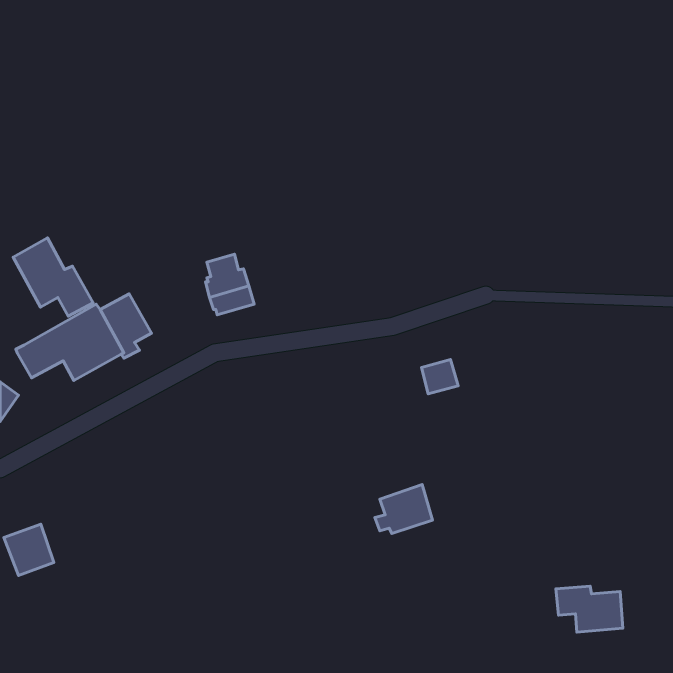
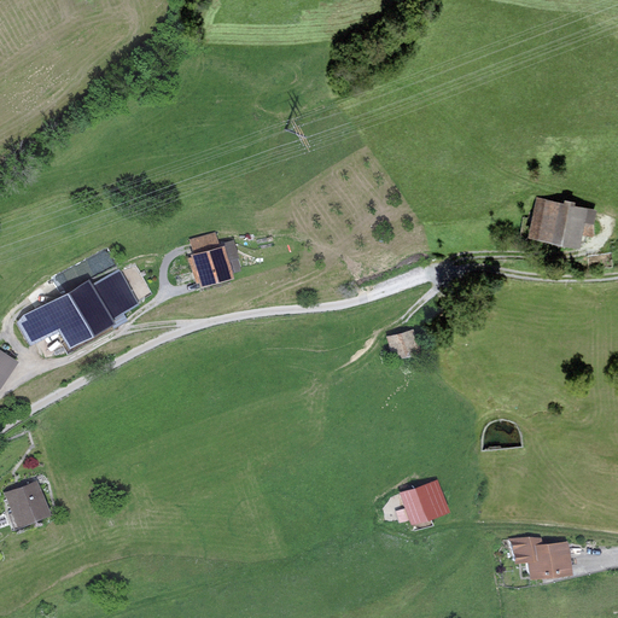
building: none -> [530,198,597,246]
building: [13,238,93,316] -> none
building: [375,485,433,533] -> [395,480,448,525]

